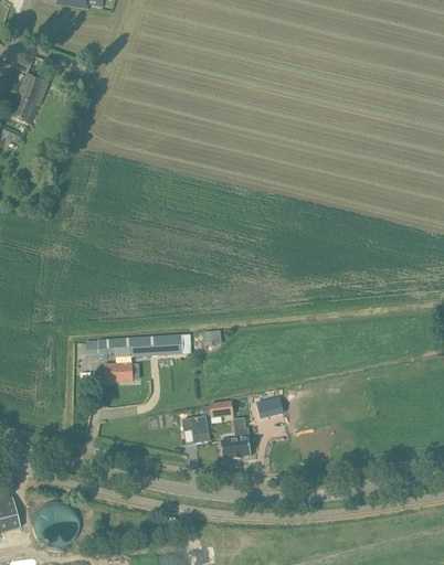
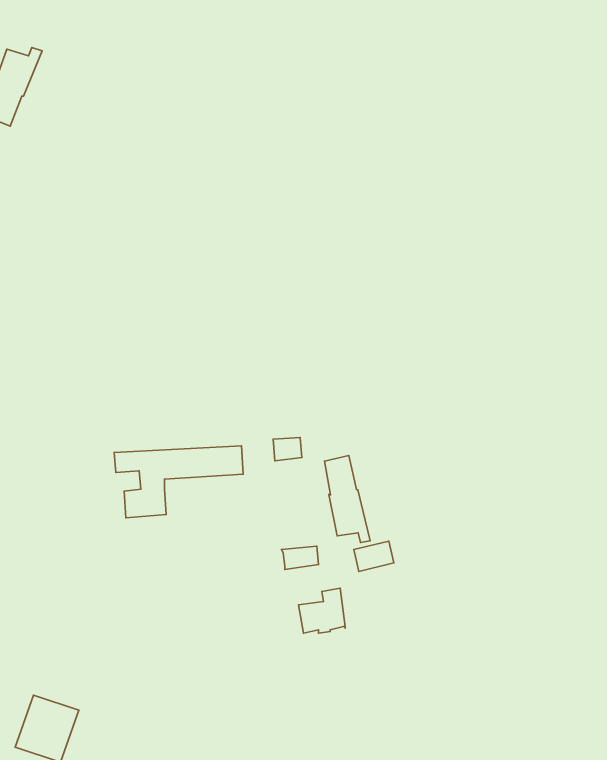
building: none -> [324,456,370,542]
building: [182,415,210,443] -> none

